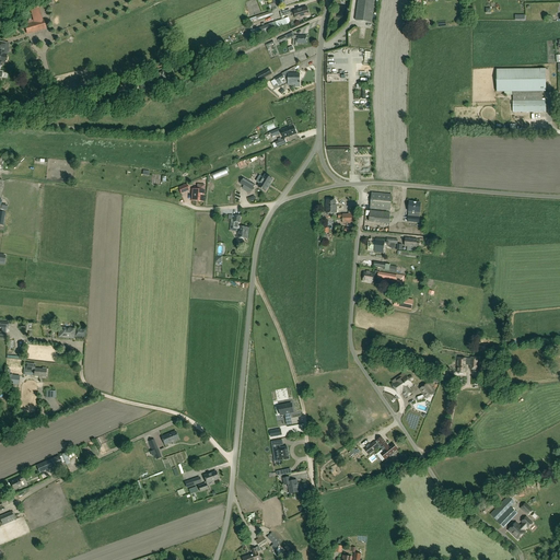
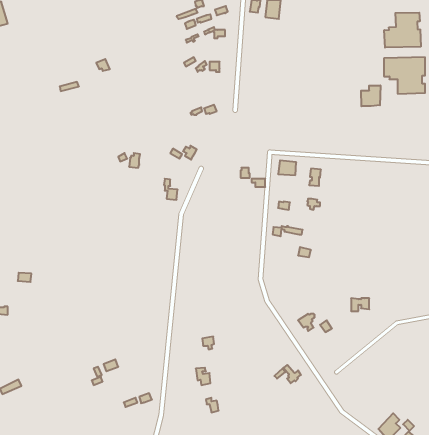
building: none -> [384,13,421,48]
building: none -> [361,85,380,106]

